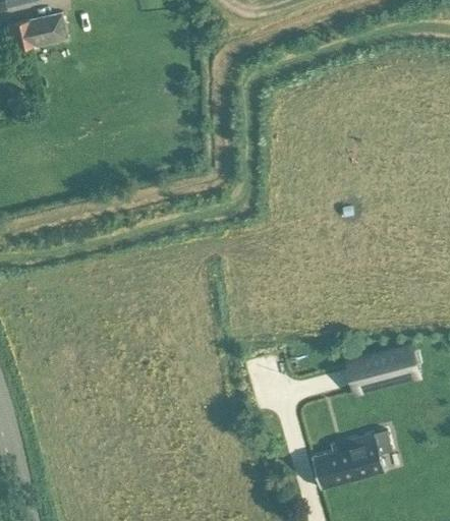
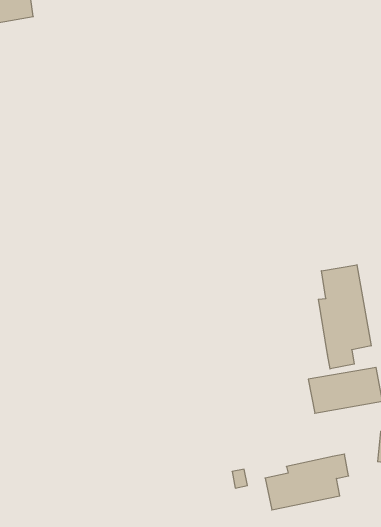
building: none -> [318,265,371,369]

